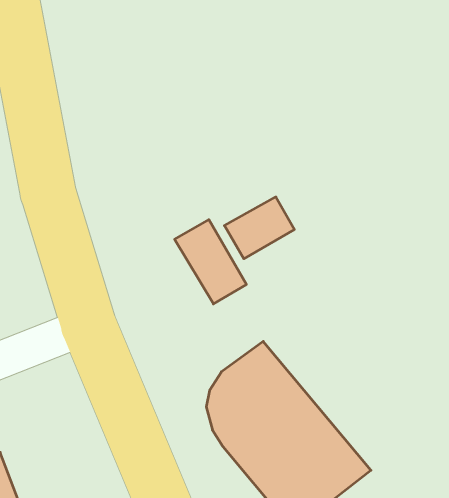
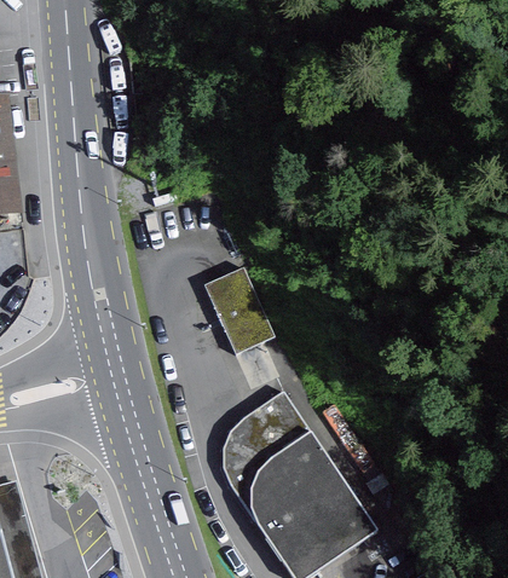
building: [224,197,294,259] -> none

